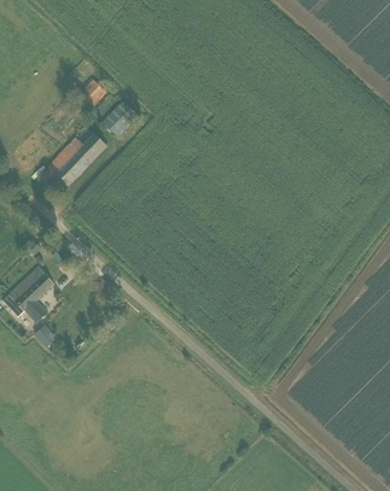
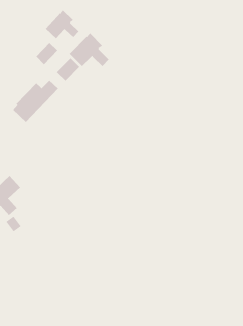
building: none -> [45,10,79,39]
building: none -> [69,33,110,67]

